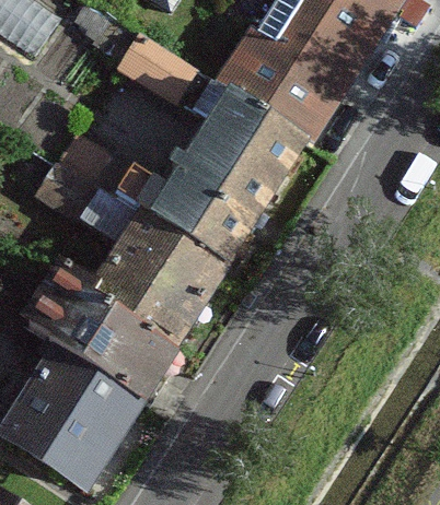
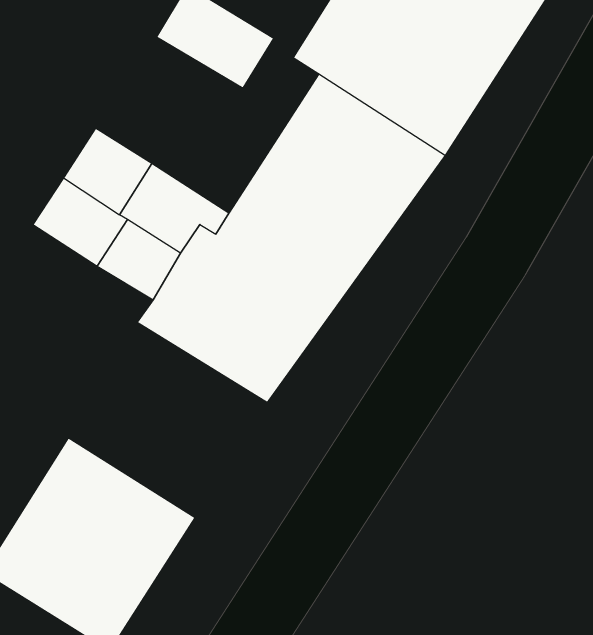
building: [20,262,192,397] -> none

